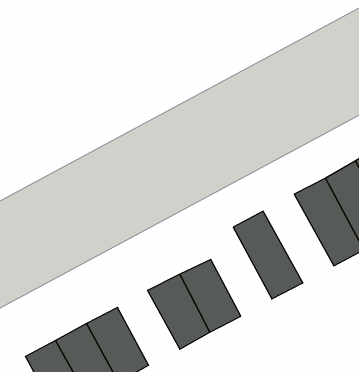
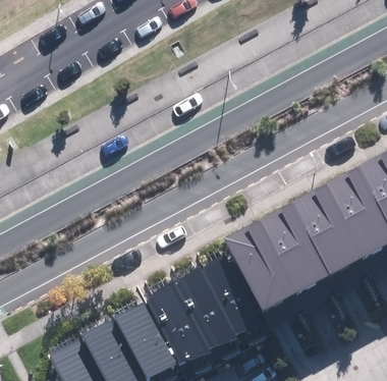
building: none -> [277,200,344,284]
building: none -> [219,231,285,316]
building: none -> [139,291,198,363]

